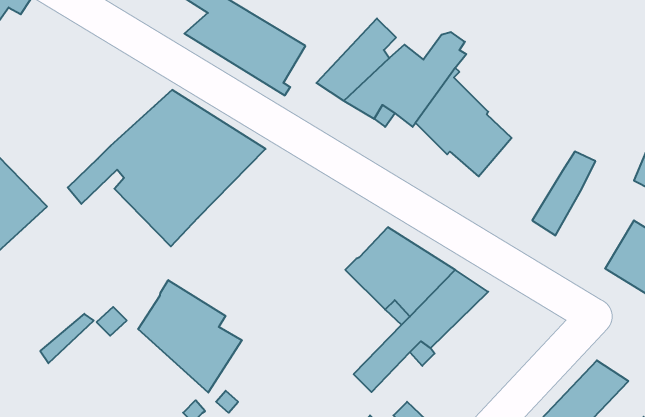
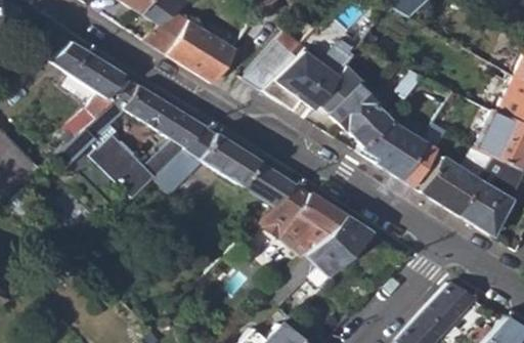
building: none -> [48,40,123,132]
building: none -> [361,117,426,178]
building: none -> [155,125,296,206]
building: none -> [421,155,479,214]
building: [138,280,242,393] -> none

